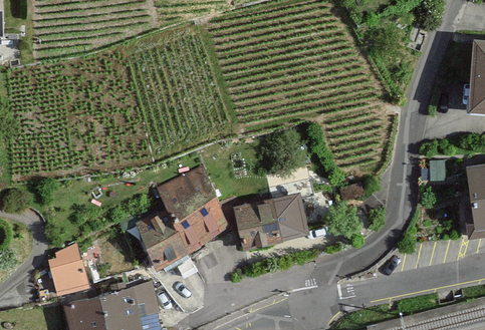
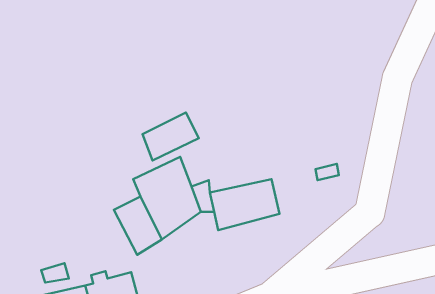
building: none -> [142,112,199,160]
building: [50,248,86,284] -> none

